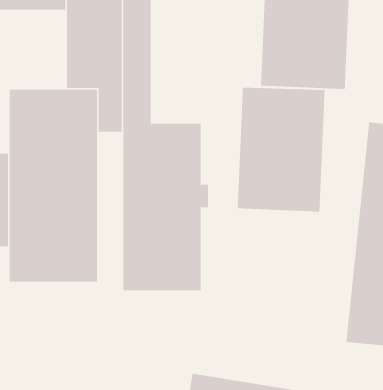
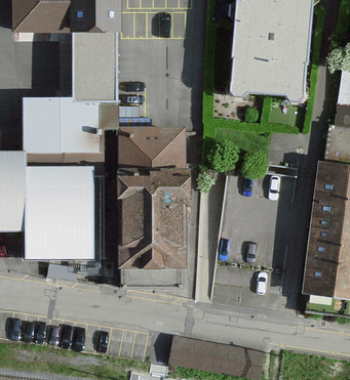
building: [237,87,325,213] -> none

